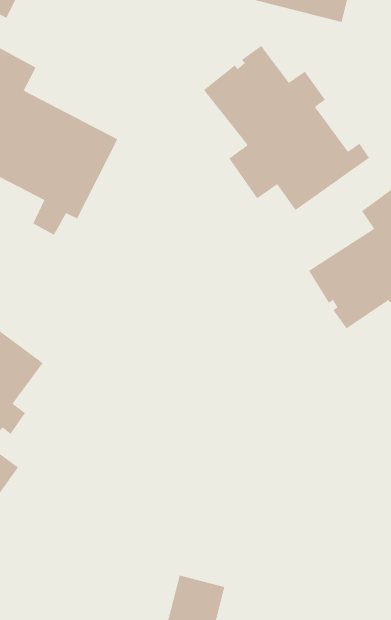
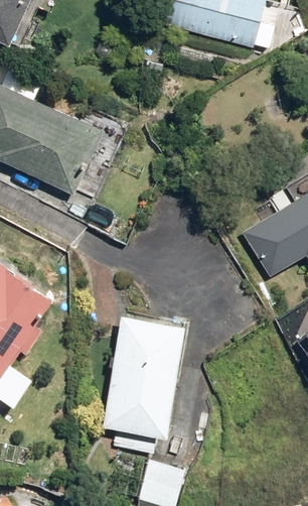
building: [203,45,370,211] -> none
building: none -> [105,317,180,453]

